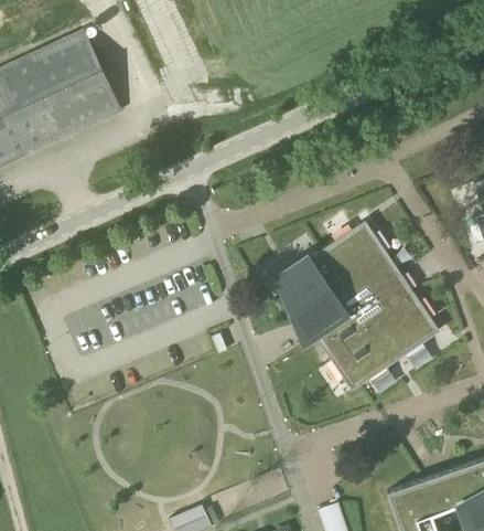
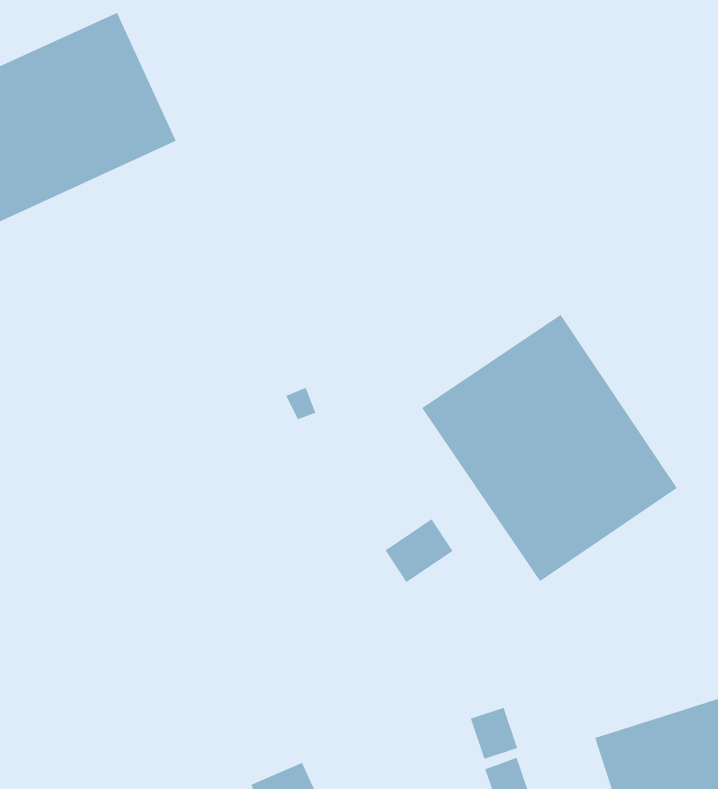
building: none -> [384,518,454,583]
building: none -> [470,707,518,760]

